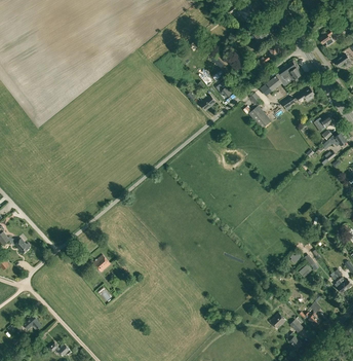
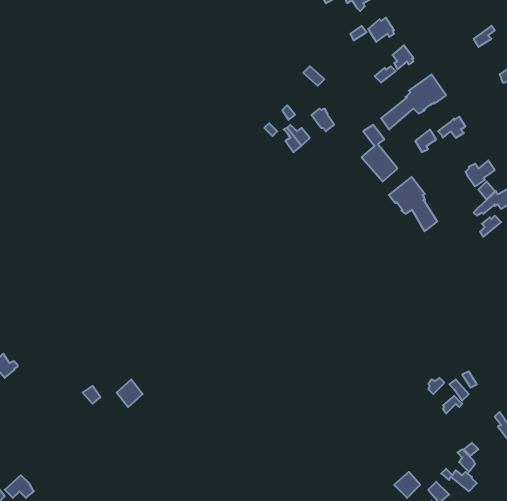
building: none -> [389,177,437,231]

